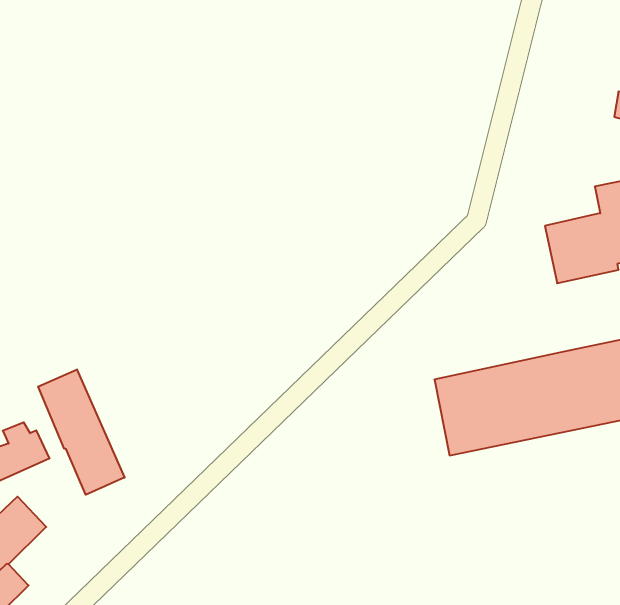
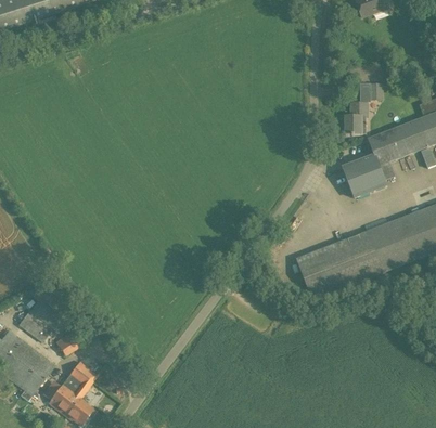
building: none -> [344,91,368,133]
building: [38,369,125,495] -> none

